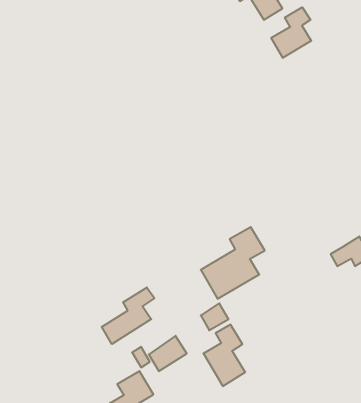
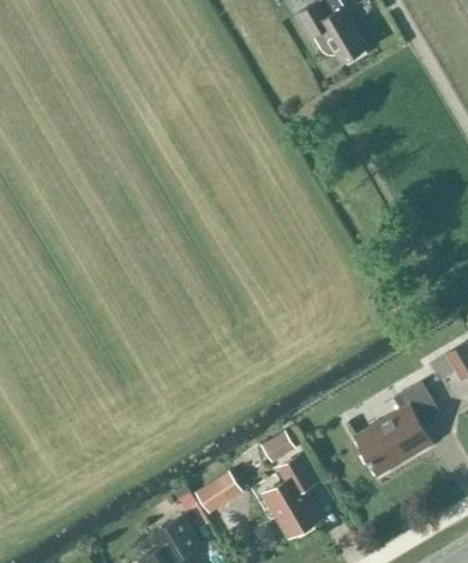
building: [271,7,311,58] -> none
building: [201,227,265,299] -> [355,382,438,474]
building: [102,287,154,344] -> none

